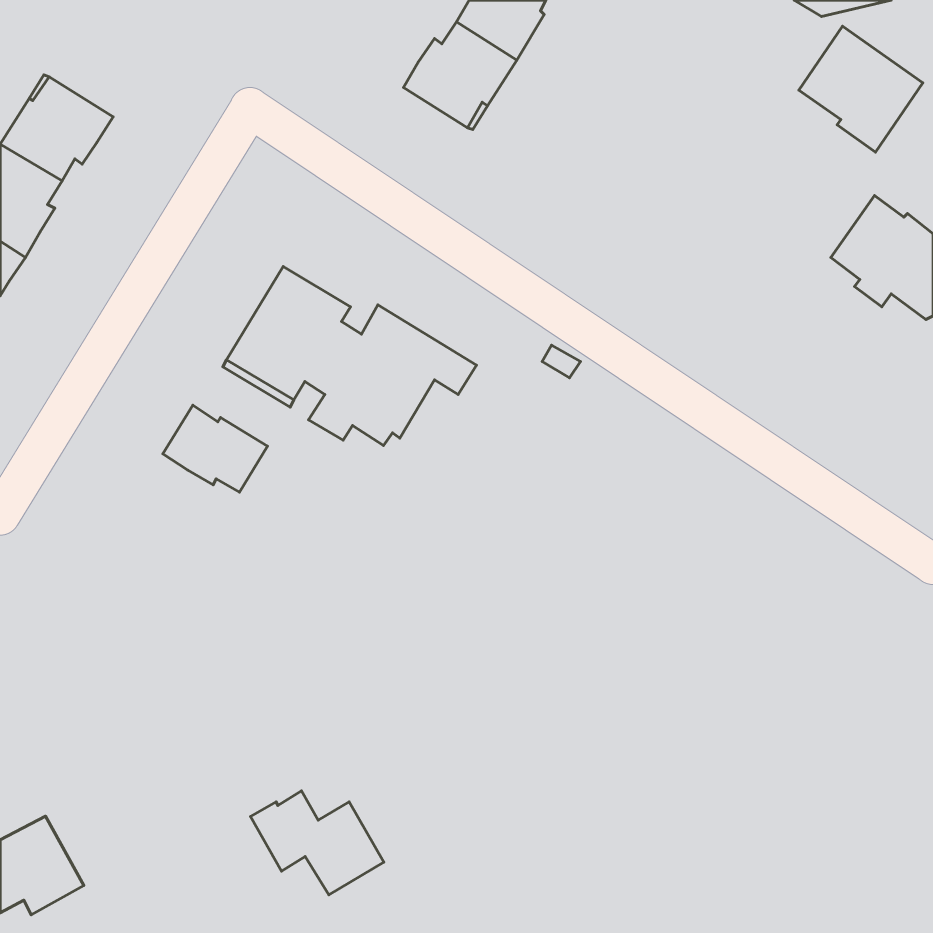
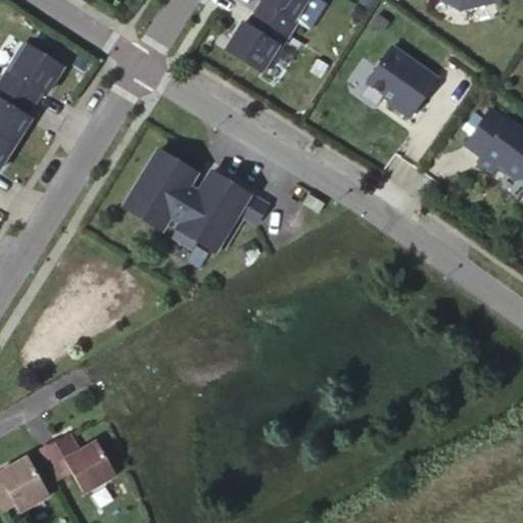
building: [799,26,923,152] -> [367,46,436,116]
building: [163,405,268,492] -> none
building: [250,791,384,895] -> [40,434,114,492]

